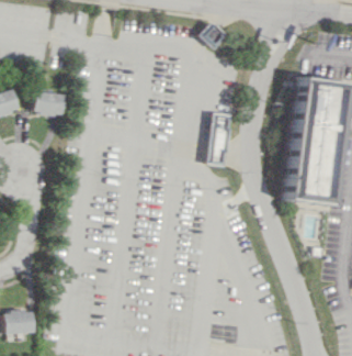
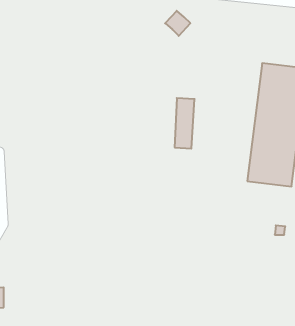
building: [33,91,64,115] -> none

